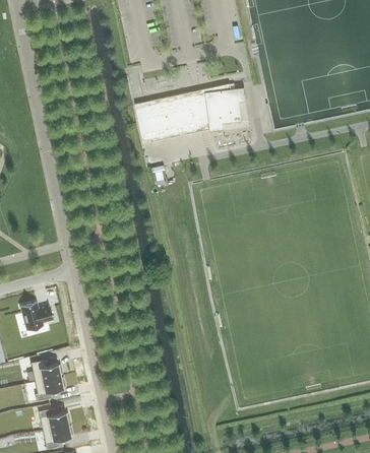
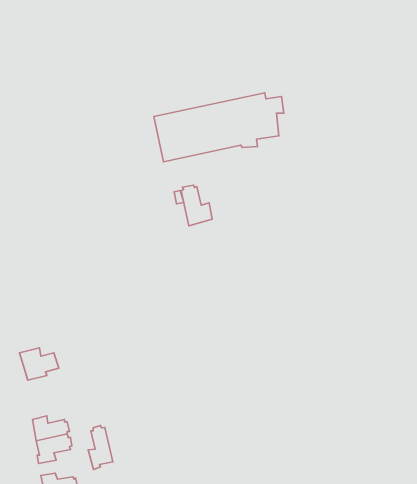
building: none -> [181,185,212,226]
building: none -> [88,425,113,469]

